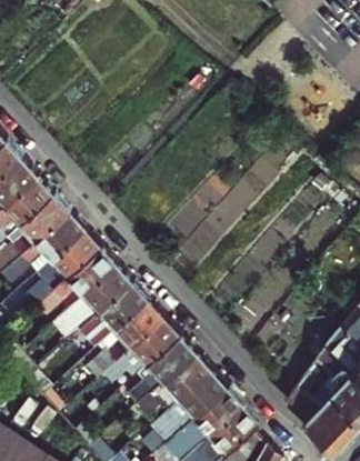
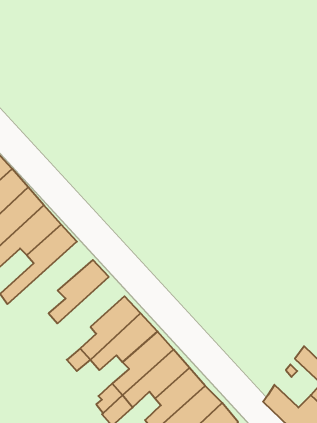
building: [33,248,117,319] -> none
building: [82,282,148,339] -> none

